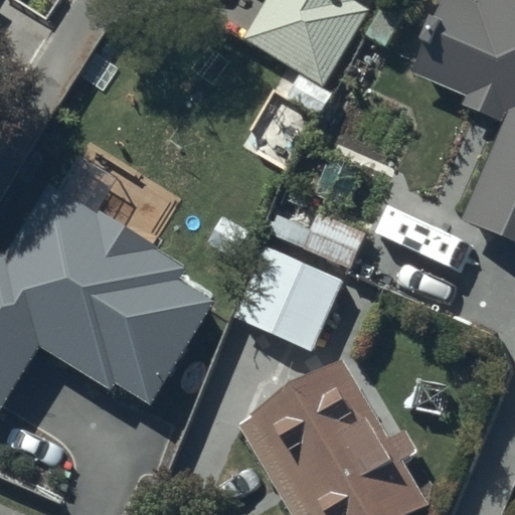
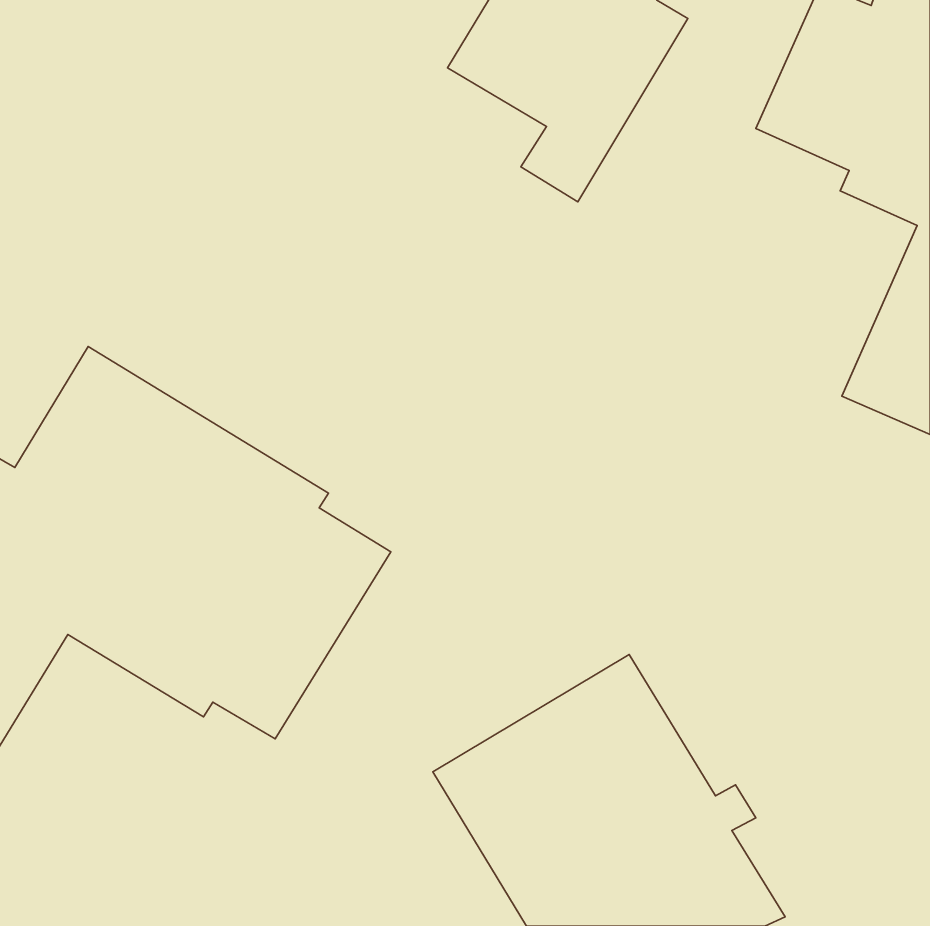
building: [237,245,342,347] -> none

